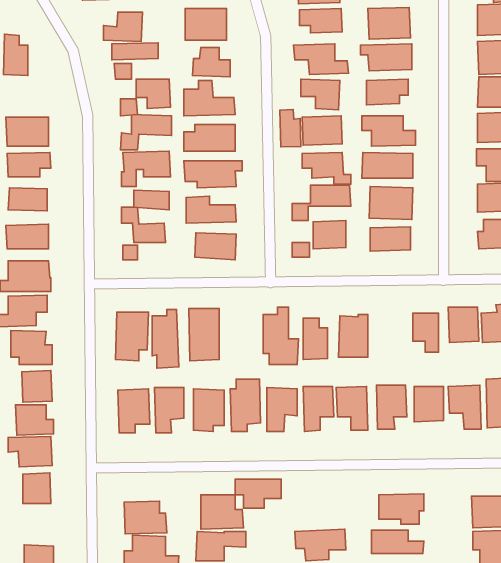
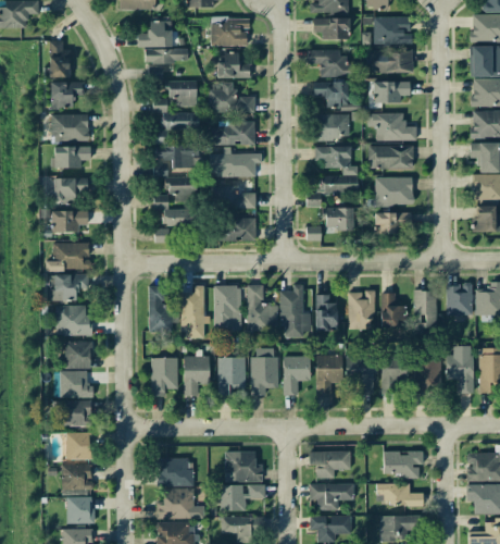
building: none -> [51,82,85,109]
building: [280,109,301,147] -> none
building: none -> [248,285,279,330]
building: none -> [382,293,404,326]
building: [235,479,281,508] -> [309,452,350,478]
building: none -> [62,463,92,491]

